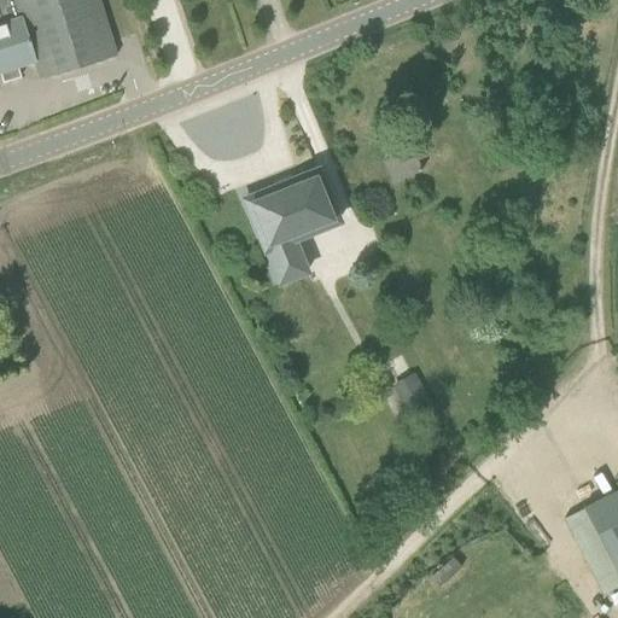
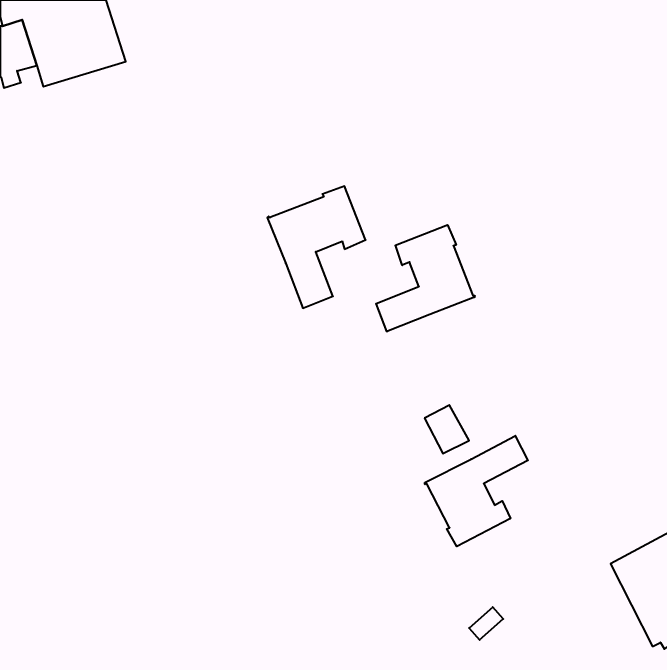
building: none -> [376,225,475,332]
building: none -> [425,436,528,546]

